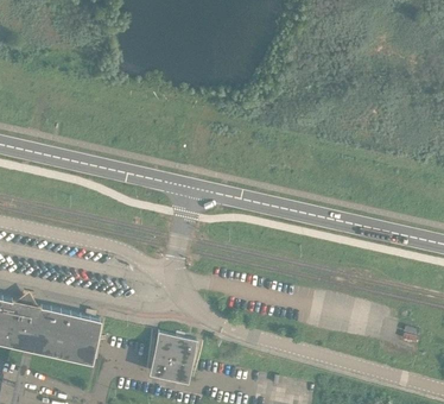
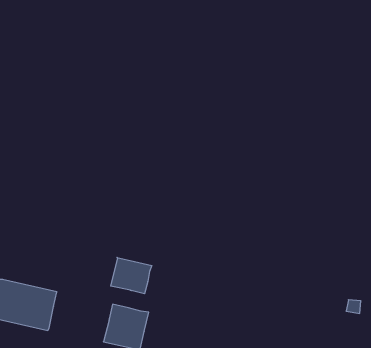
building: none -> [111,257,152,294]

